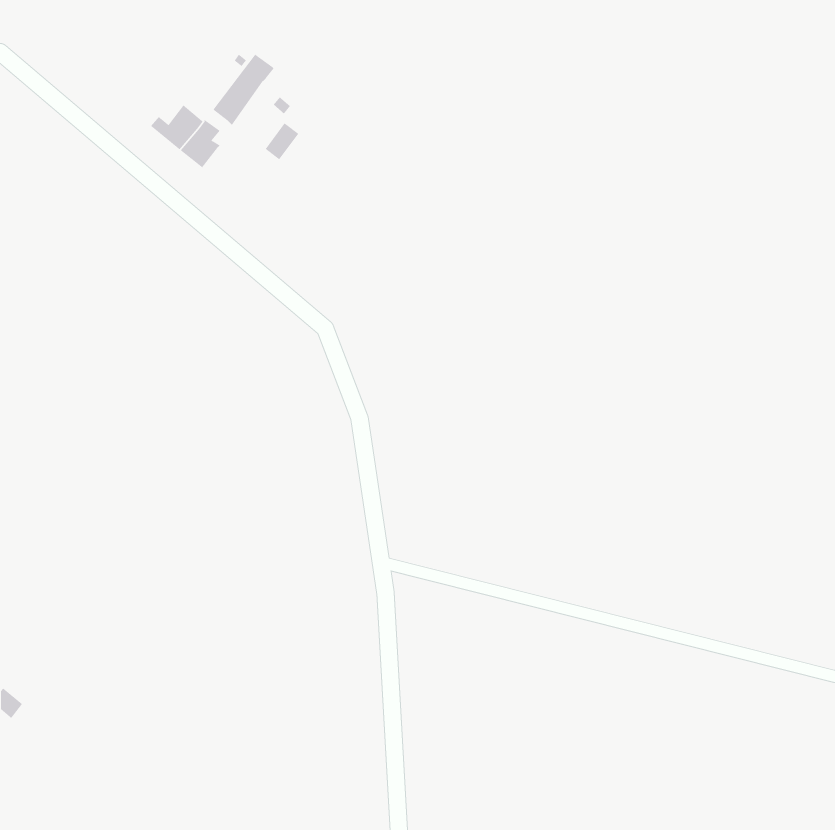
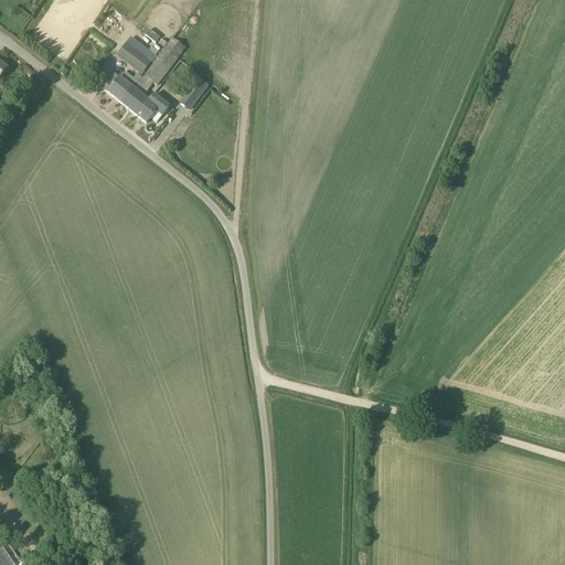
building: none -> [118,36,156,72]
building: none -> [137,93,170,121]

